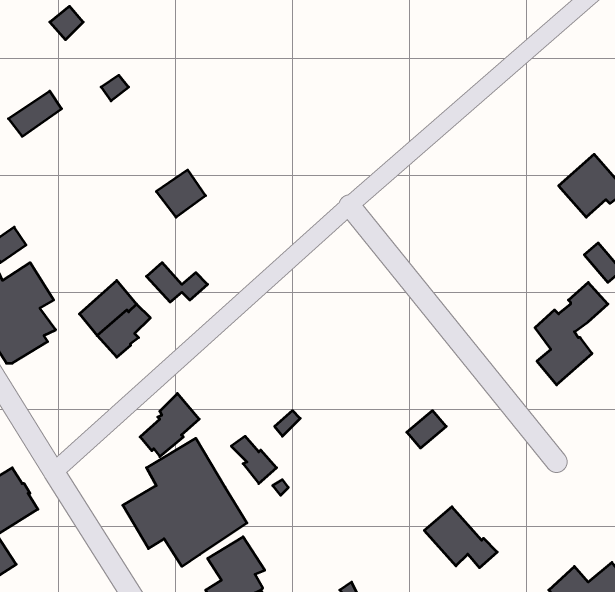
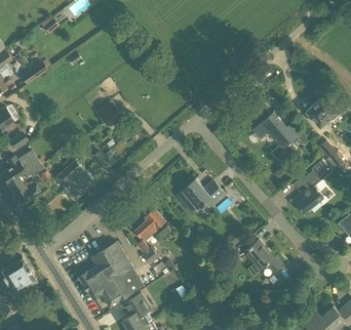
building: none -> [245,113,309,163]
building: none -> [176,179,225,213]
building: [140,393,199,457] -> [134,209,165,242]
building: [424,507,497,568] -> [244,241,282,273]

